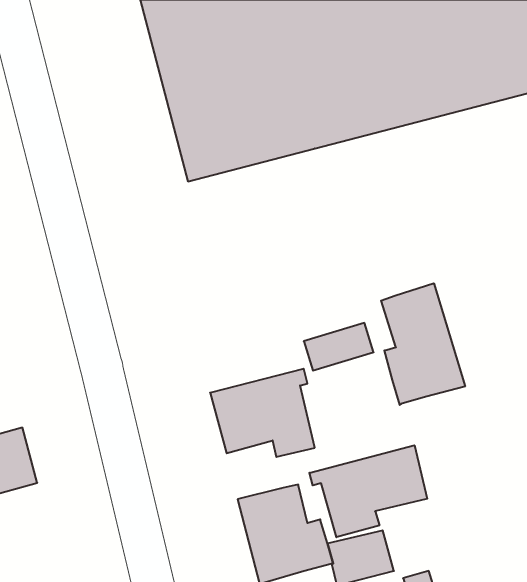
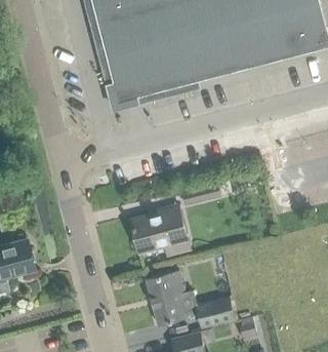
building: [381,283,465,405] -> none
building: [309,445,427,537] -> none

